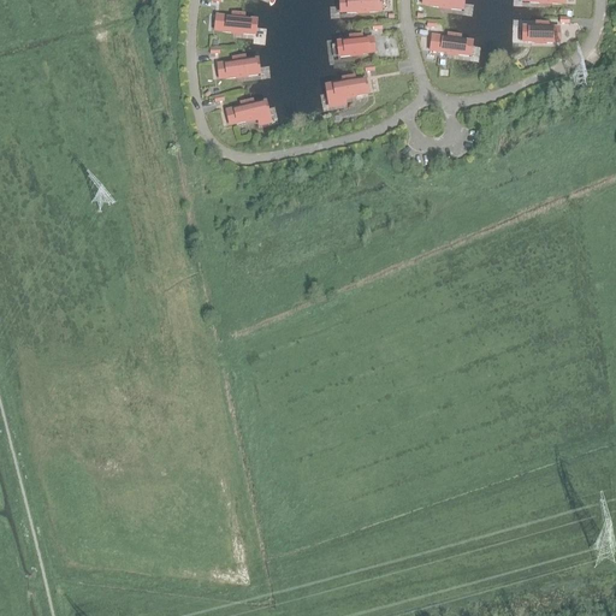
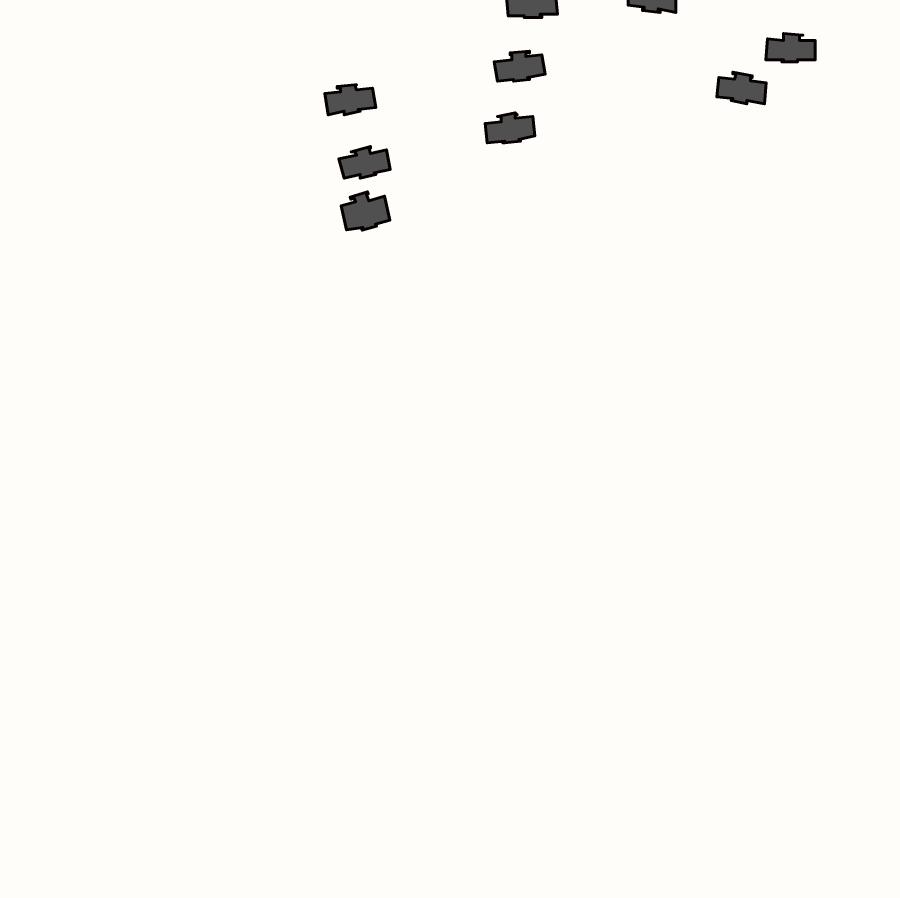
building: [220,13,254,34] -> none
building: [436,34,469,55] -> [717,72,766,104]
building: none -> [341,192,390,230]

